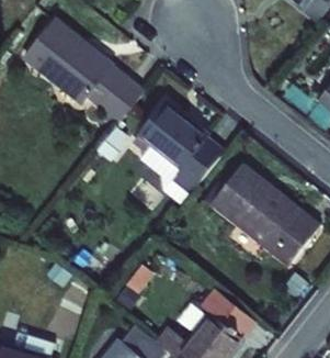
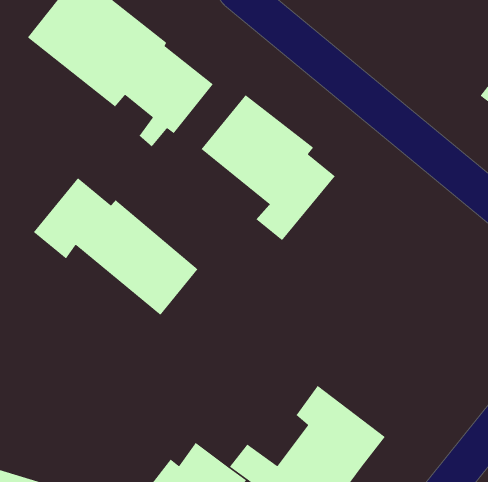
building: none -> [33,177,198,316]
building: [208,160,320,266] -> none

